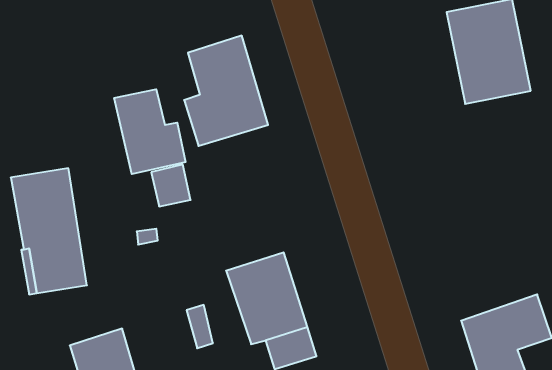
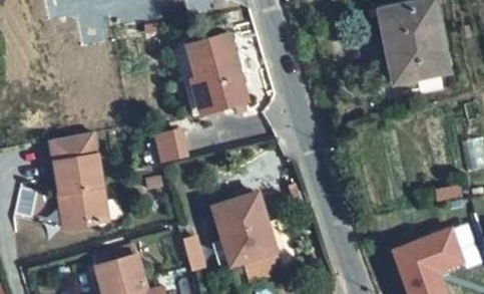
building: [114,89,186,174] -> none

